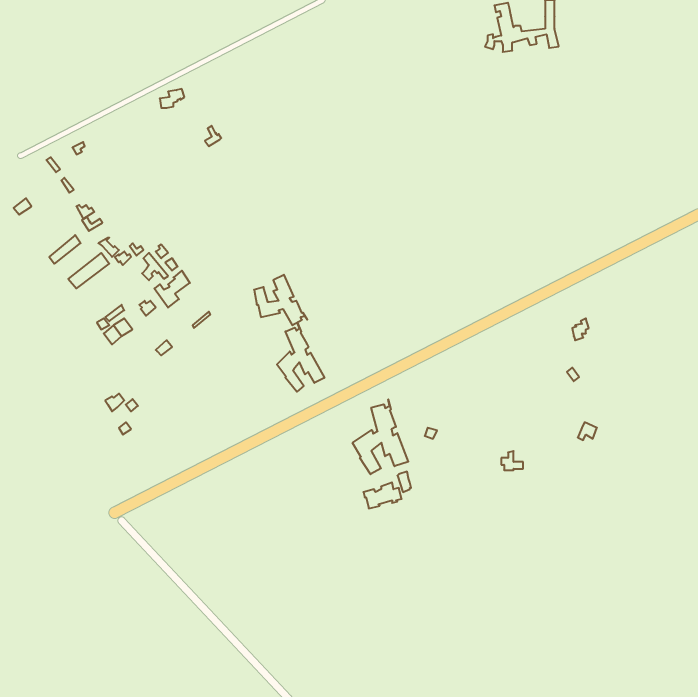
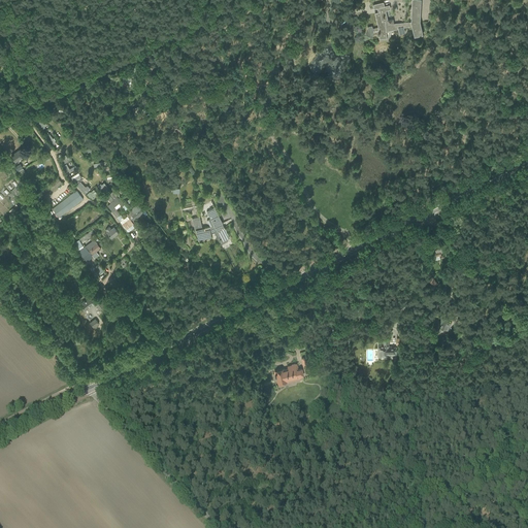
building: [277,323,324,392] -> none
building: [353,399,408,474] -> none

